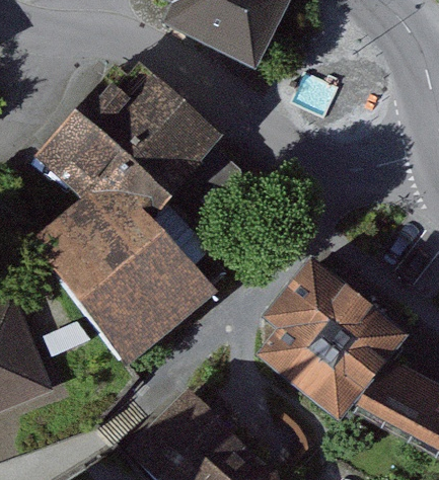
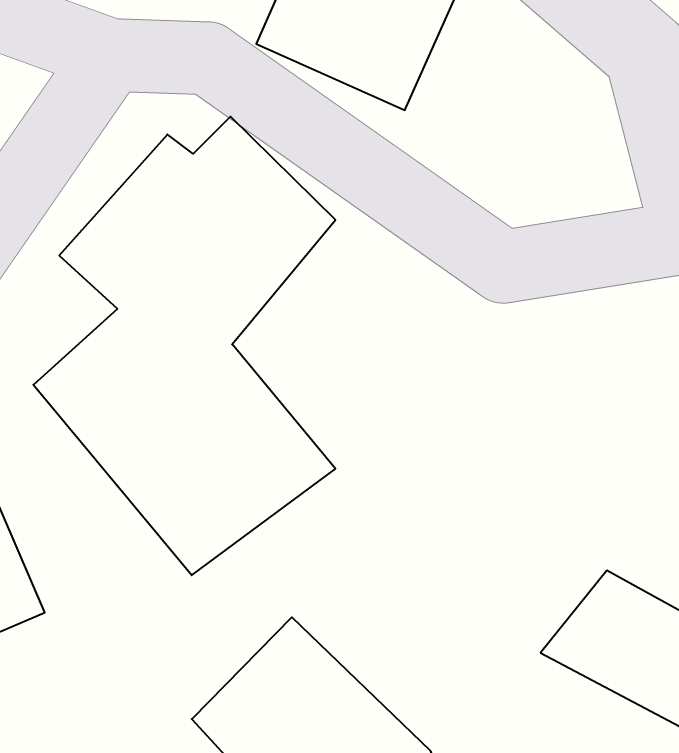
building: [258,258,407,418] -> none

